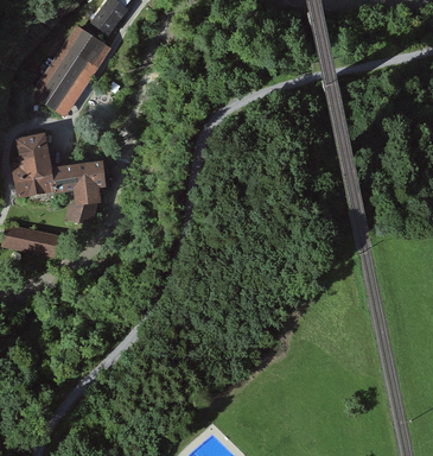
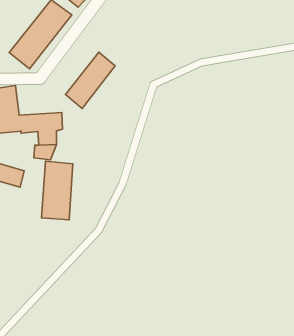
building: none -> [66,52,115,108]
building: none -> [41,161,73,220]

